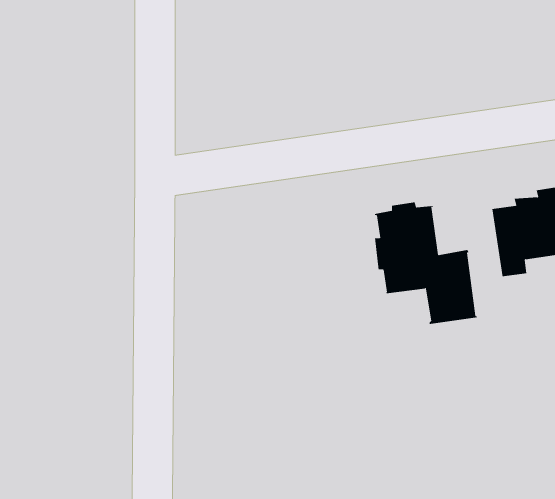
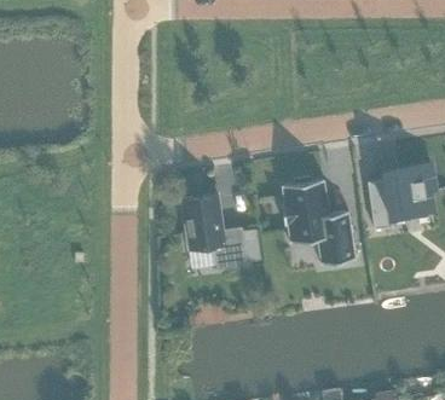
building: none -> [183,193,261,269]

